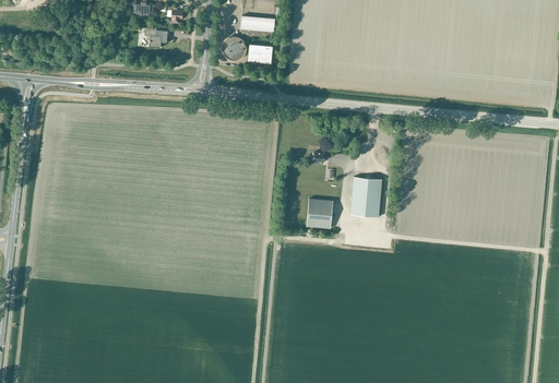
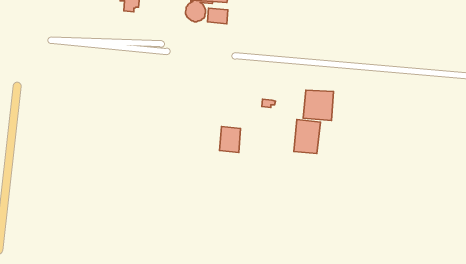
building: none -> [303,90,334,121]
building: [307,198,332,228] -> [219,127,241,152]

